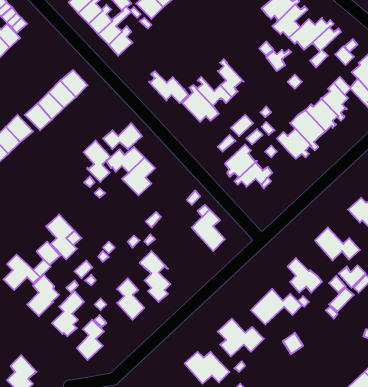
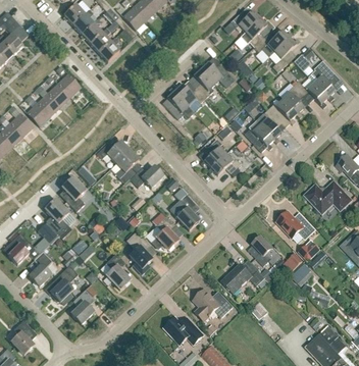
building: [149,71,188,103] -> [200,58,234,86]
building: [103,123,142,149] -> [130,164,163,187]
building: [84,140,111,182] -> [62,175,86,211]
building: none -> [151,214,178,249]

